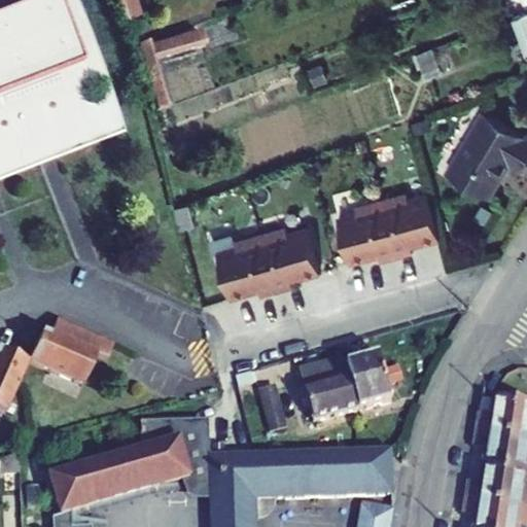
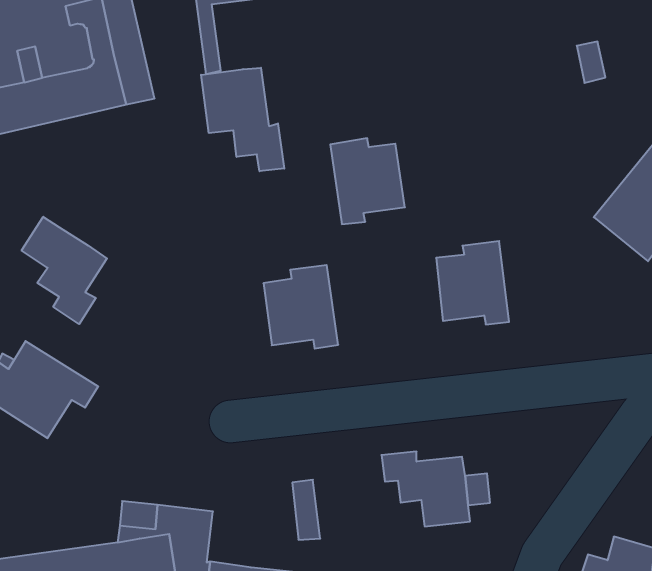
building: none -> [201,68,284,171]
building: [381,191,440,255] -> none
building: [260,225,320,289] -> [330,138,405,224]
building: none -> [22,217,107,324]
building: [296,363,357,422] -> none

